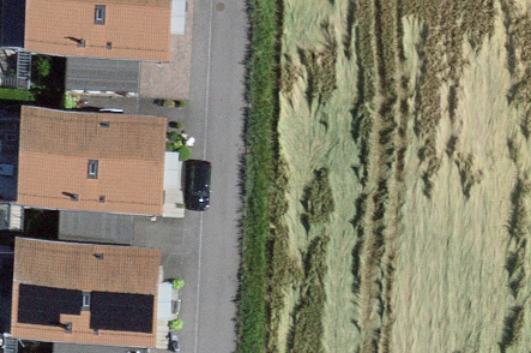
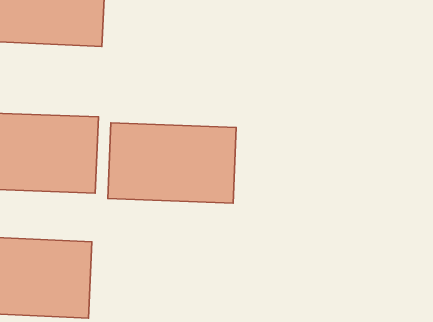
building: none -> [108,123,236,203]

